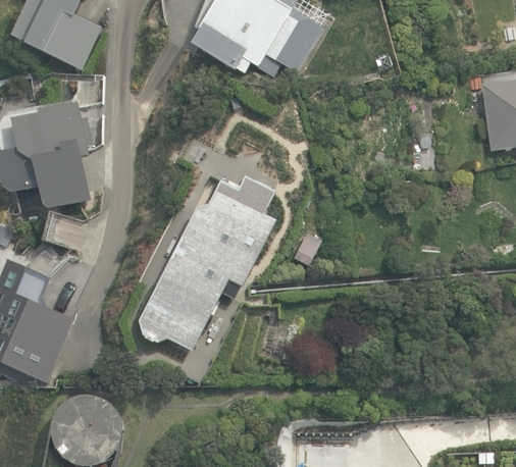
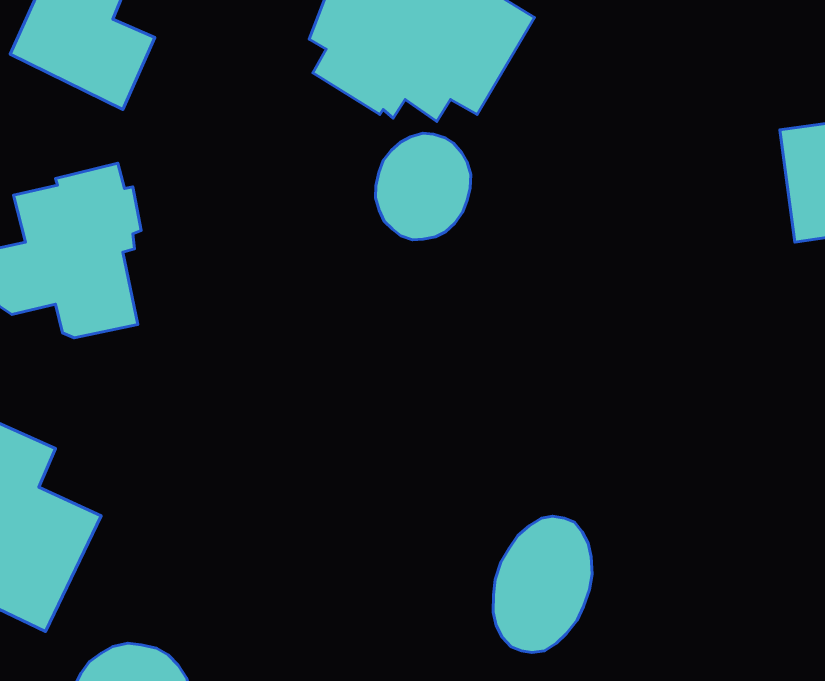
building: none -> [375,133,471,240]
building: [137,143,275,350] -> none
building: none -> [493,516,592,653]

